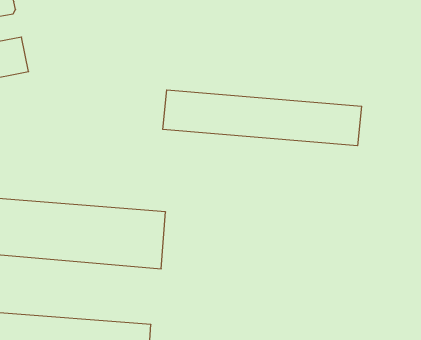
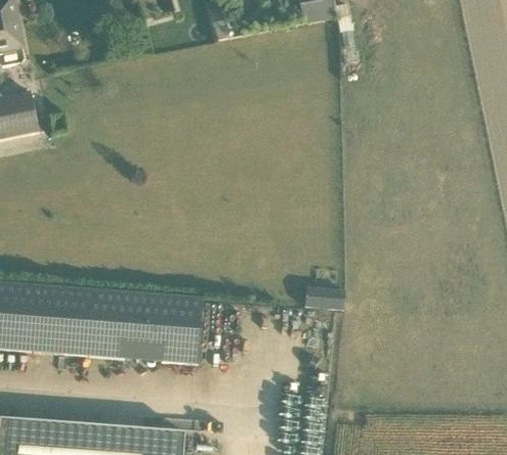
building: [163,90,362,146] -> none
building: none -> [304,285,343,308]

